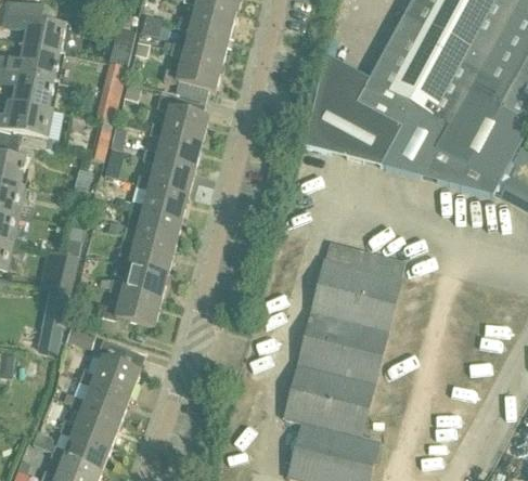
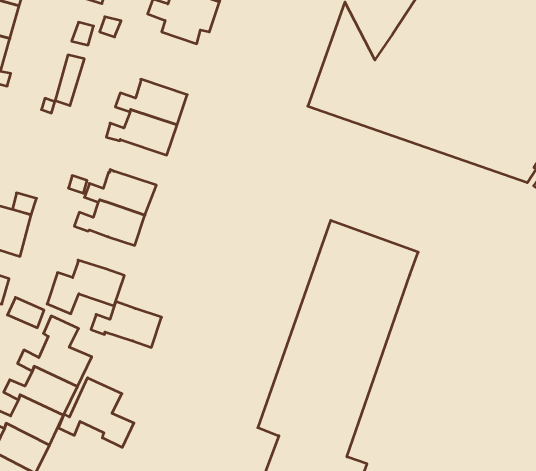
building: [150,91,208,143] -> none
building: [129,185,189,221] -> none
building: [110,263,168,299] -> [91,302,162,347]
building: none -> [59,378,134,447]

